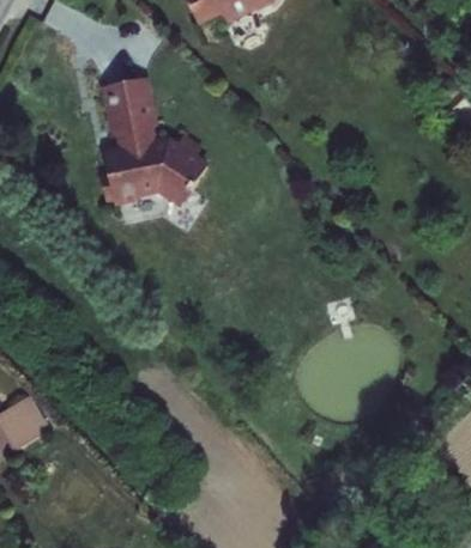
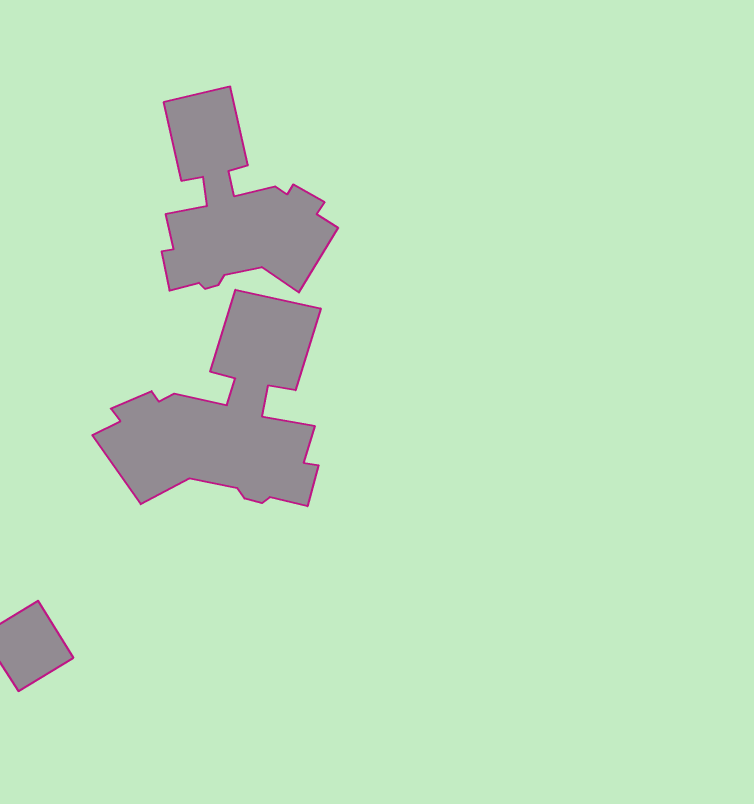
building: none -> [92,290,321,506]

